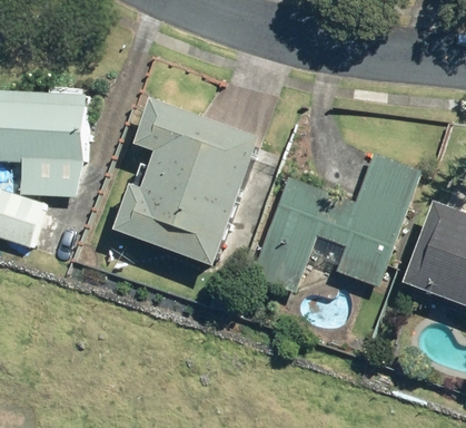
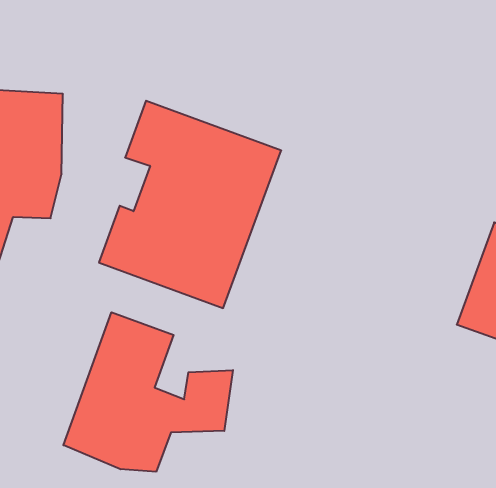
building: [252,150,420,290] -> none
building: none -> [63,312,233,472]

